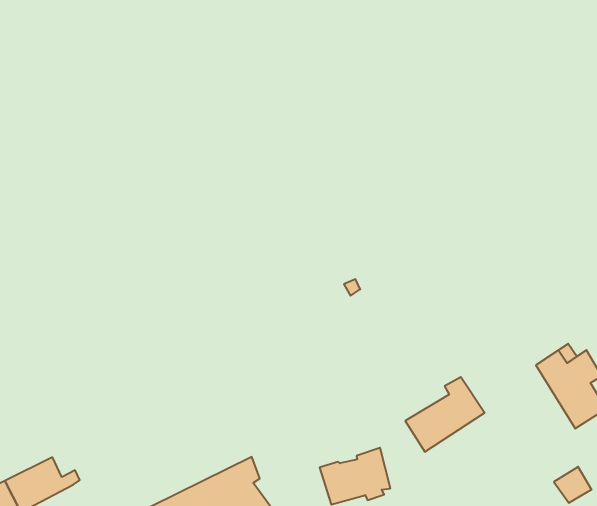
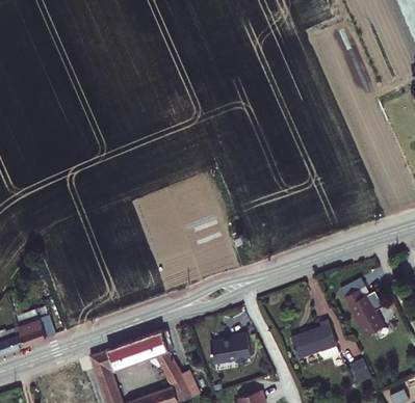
building: [405,377,485,452] -> [290,323,338,365]

